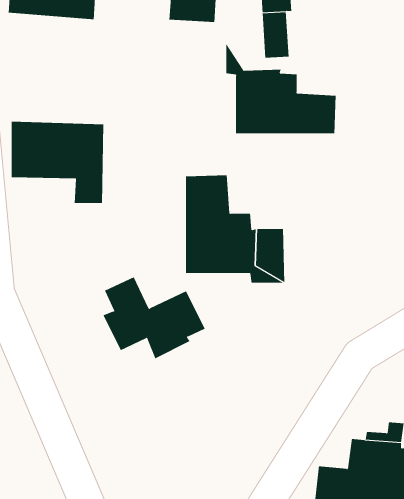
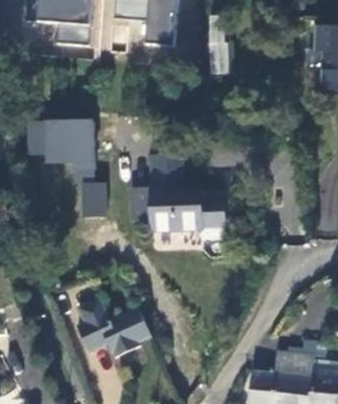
building: [226,43,336,134] -> none
building: none -> [80,182,107,216]
building: [103,277,206,359] -> [79,297,155,358]

